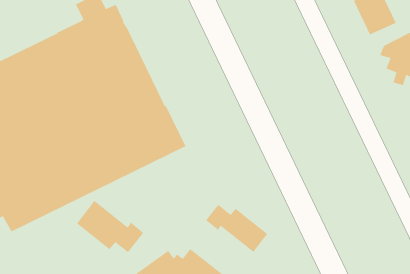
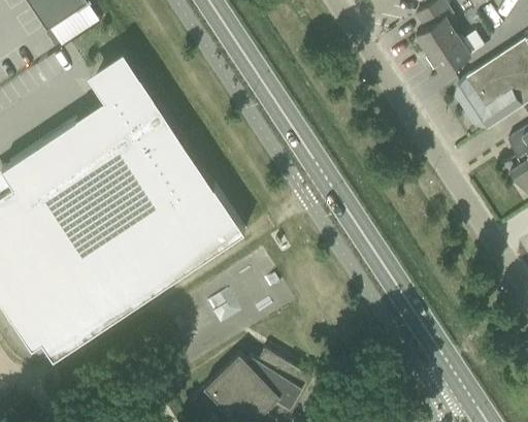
building: [76,200,144,253] -> none
building: [205,204,268,253] -> none

